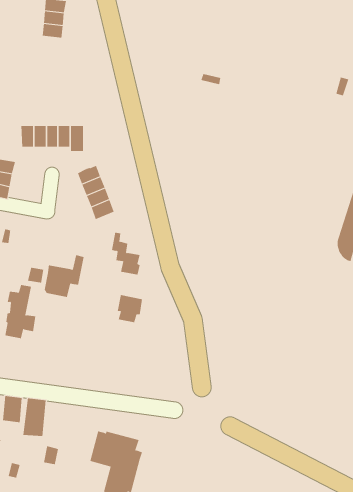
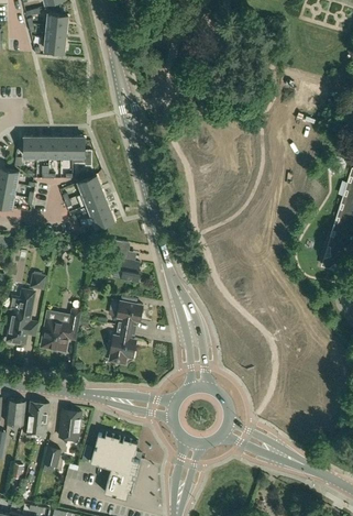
building: [44,255,84,298] -> [42,310,81,352]
building: none -> [108,326,135,366]
building: none -> [59,410,81,439]

